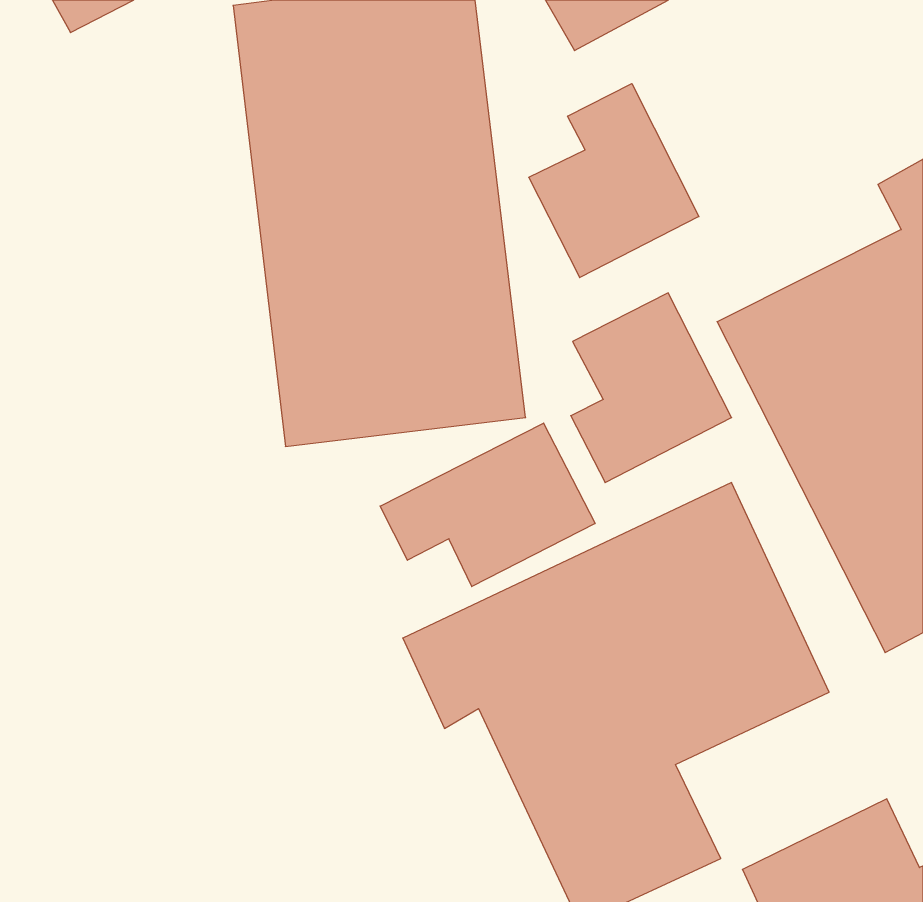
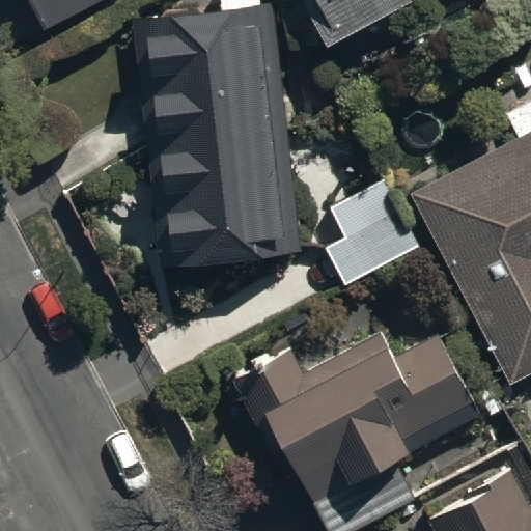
building: [529,84,699,278] -> none
building: [380,423,595,587] -> none

